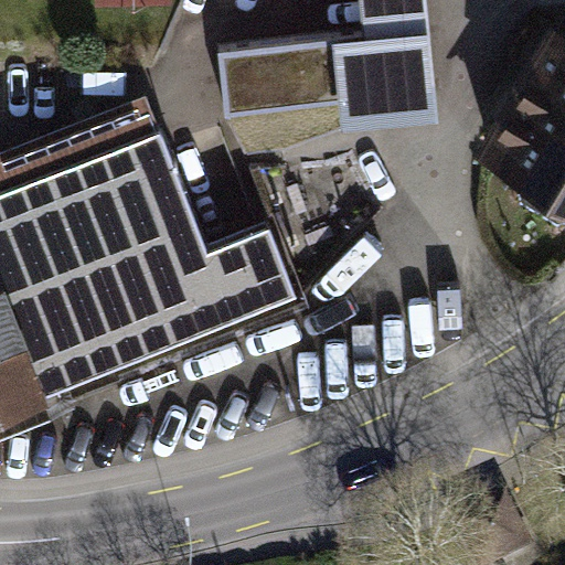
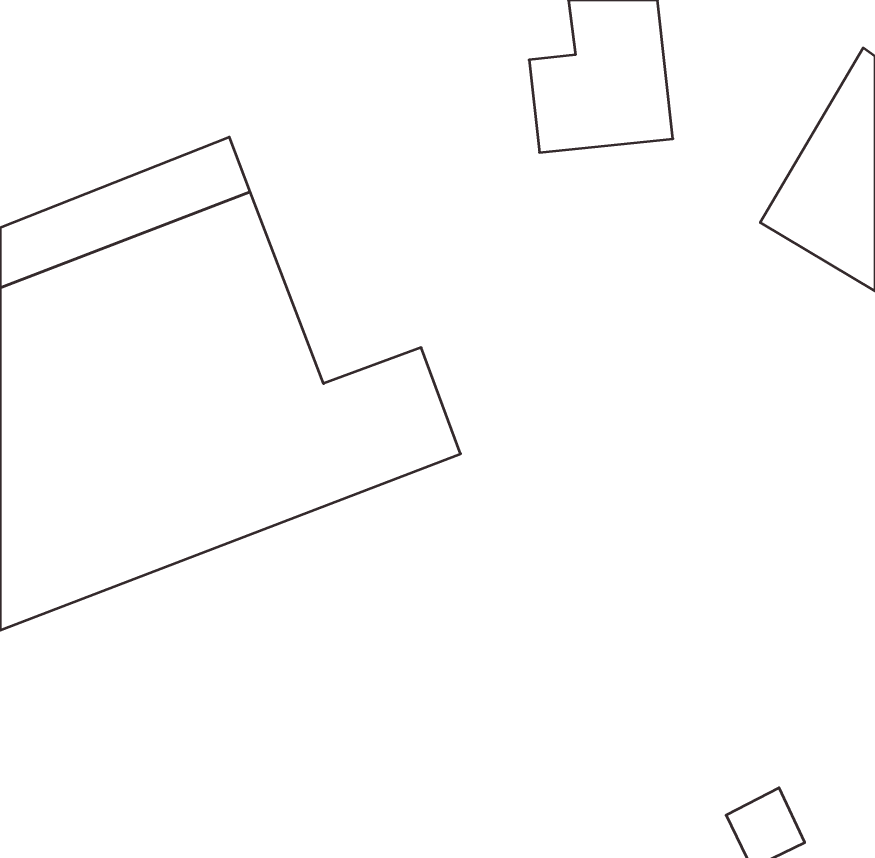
building: [220,50,348,121] -> none

